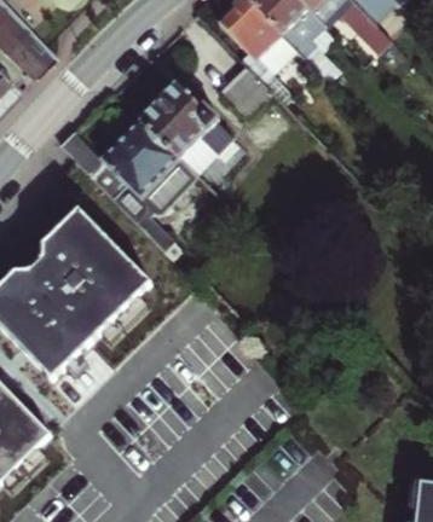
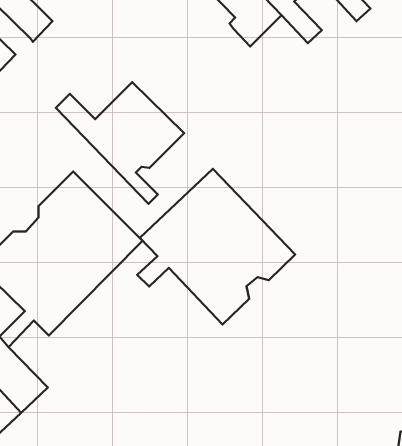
building: [219,60,271,114] -> none
building: [139,80,230,169] -> none
building: none -> [137,169,295,324]

